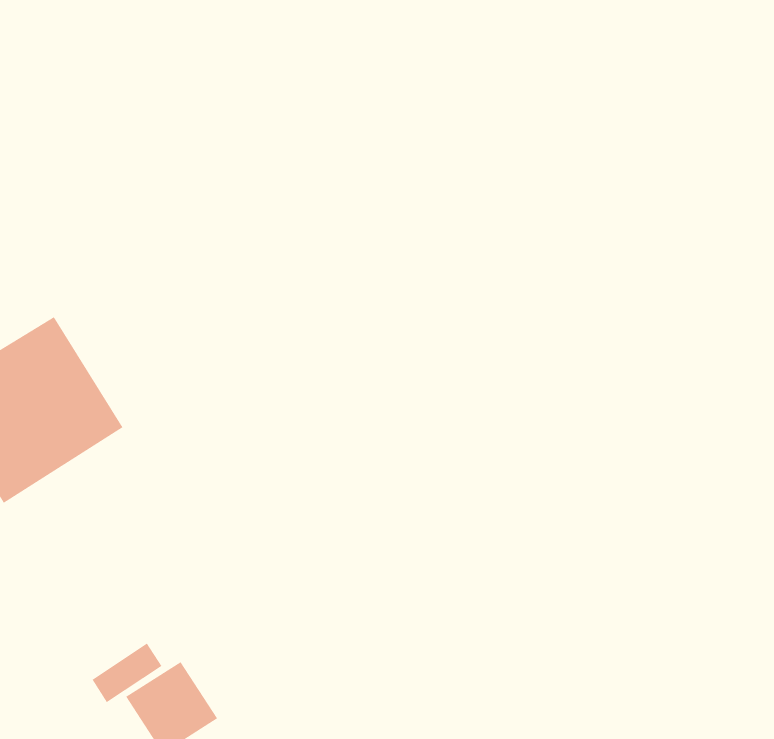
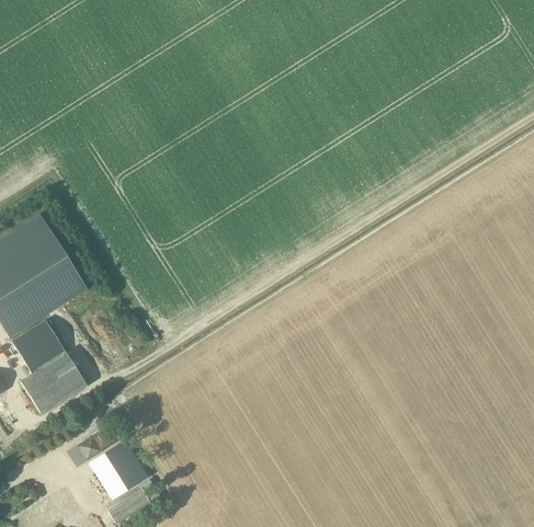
building: none -> [11,320,86,412]

